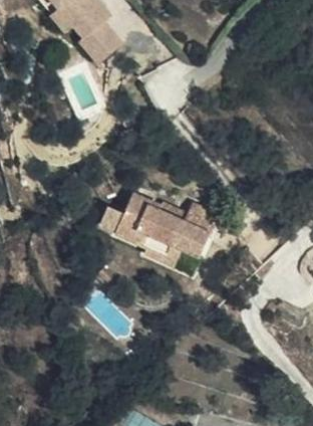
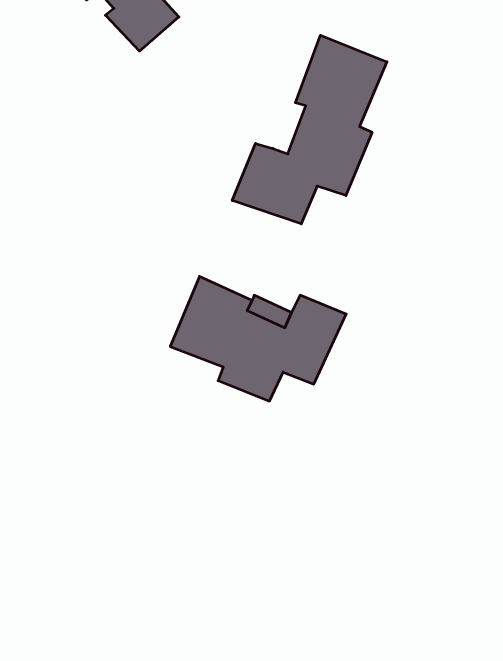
building: none -> [232,35,387,224]

